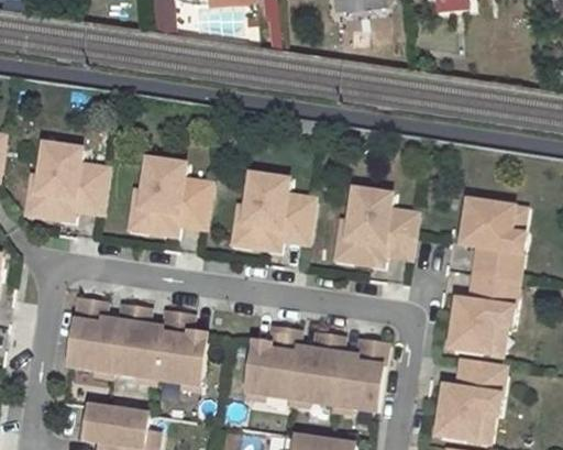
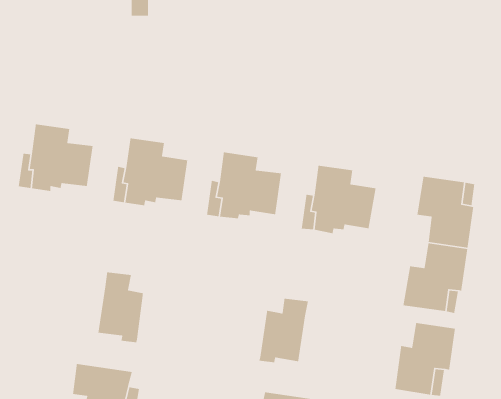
building: [69,299,121,377] -> none
building: [157,312,208,391] -> none
building: [246,328,300,399] -> none
building: [333,341,387,413] -> none

